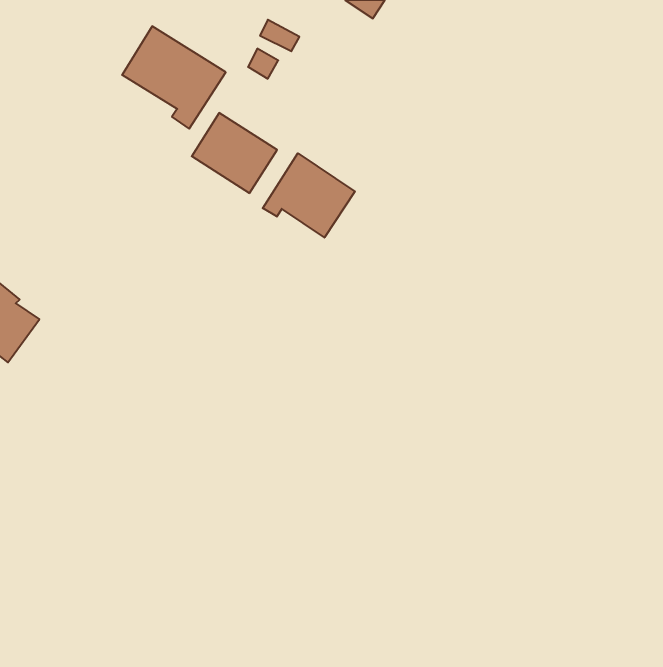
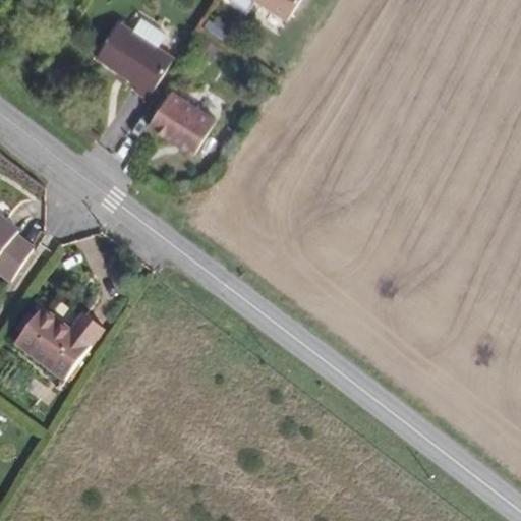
building: [263,153,355,238] -> none
building: none -> [13,304,99,374]

